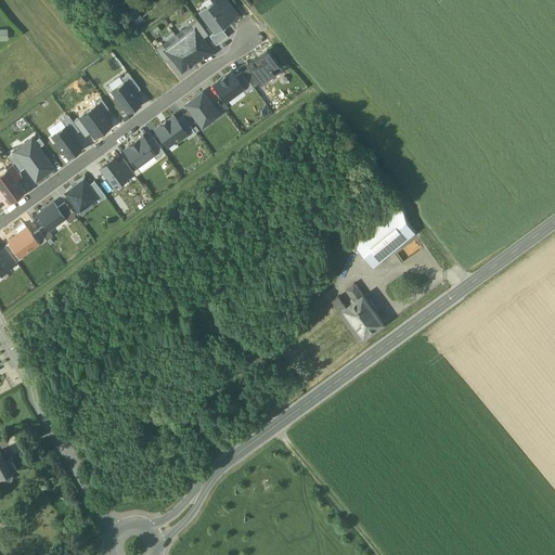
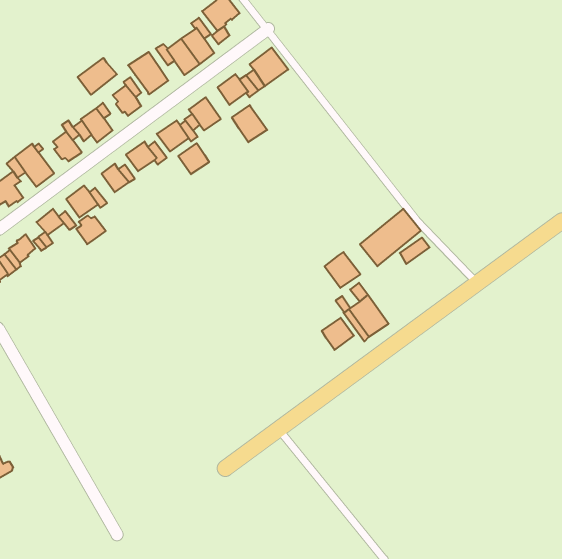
building: none -> [128,52,168,94]
building: none -> [78,58,117,95]
building: none -> [232,105,267,142]
building: none -> [178,143,209,174]
building: none -> [76,216,106,244]
building: none -> [325,252,360,288]
building: none -> [322,318,354,350]

